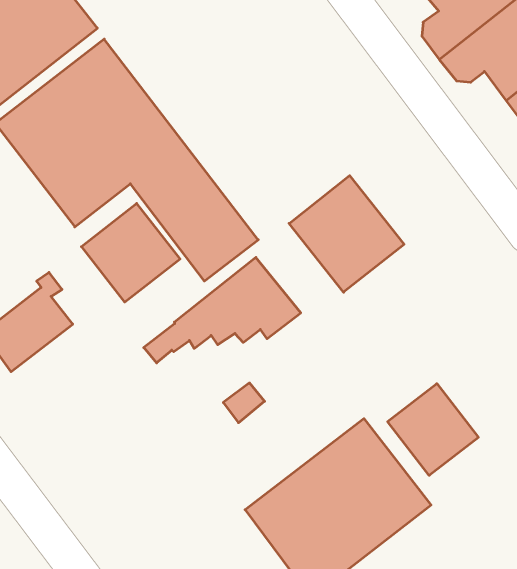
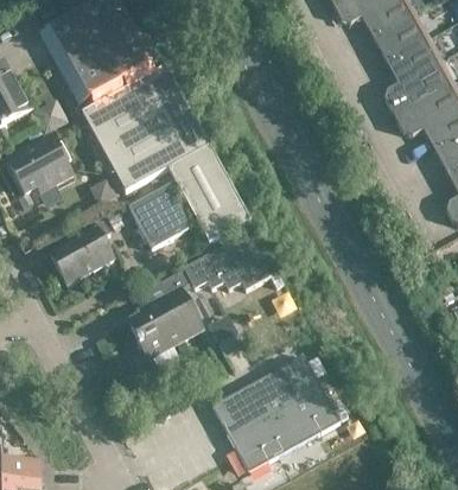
building: [289,176,404,292] -> none
building: none -> [128,287,203,358]
building: [388,384,478,475] -> none

